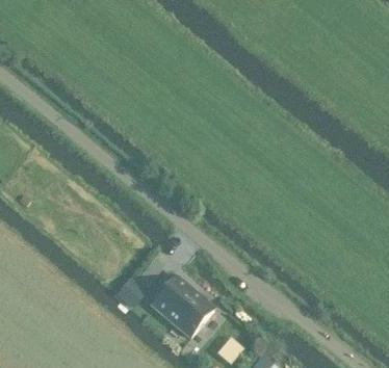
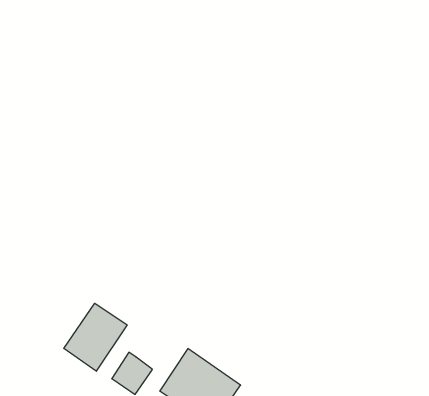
building: none -> [64,303,127,371]

